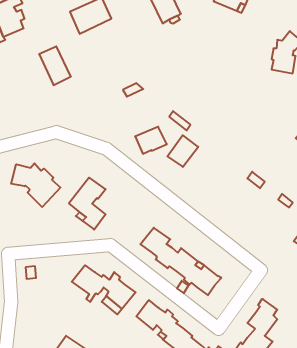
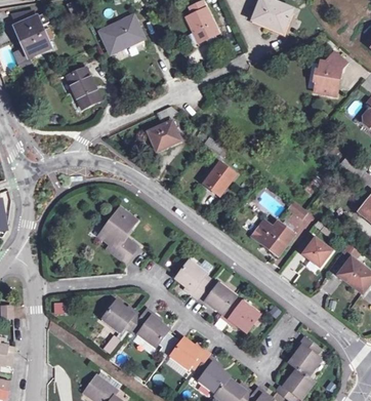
building: [135,127,167,154] -> [147,121,180,150]
building: [11,163,60,207] -> none
building: none -> [251,218,294,255]
building: none -> [294,232,333,269]

